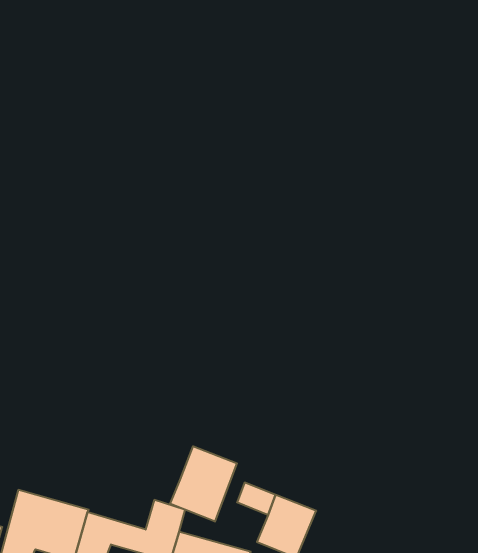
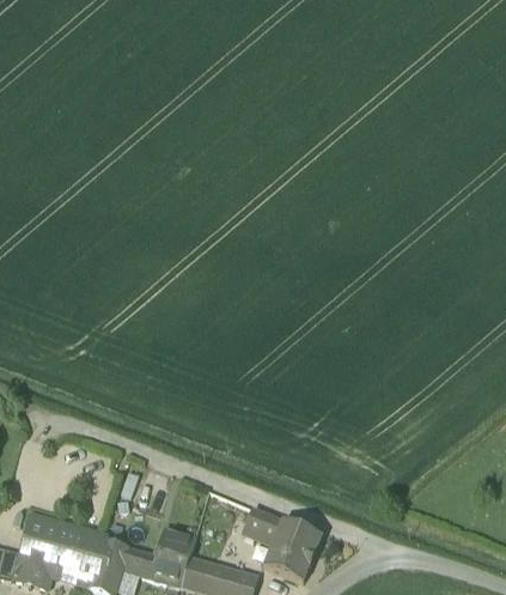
building: [170,446,237,522] -> none

